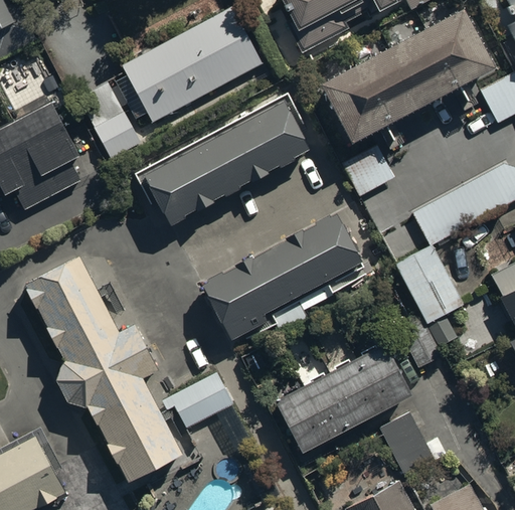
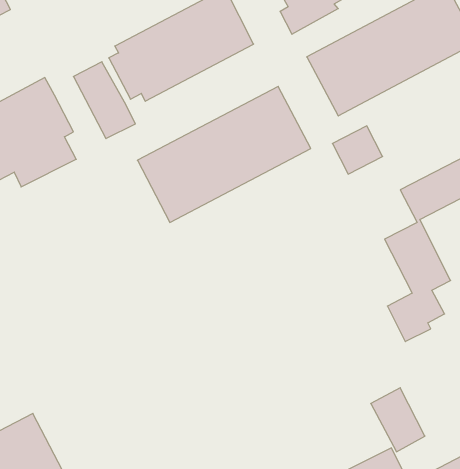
building: [205,223,371,352] -> none
building: [28,260,183,480] -> none
building: [272,340,408,448] -> none
building: [160,370,232,427] -> none

